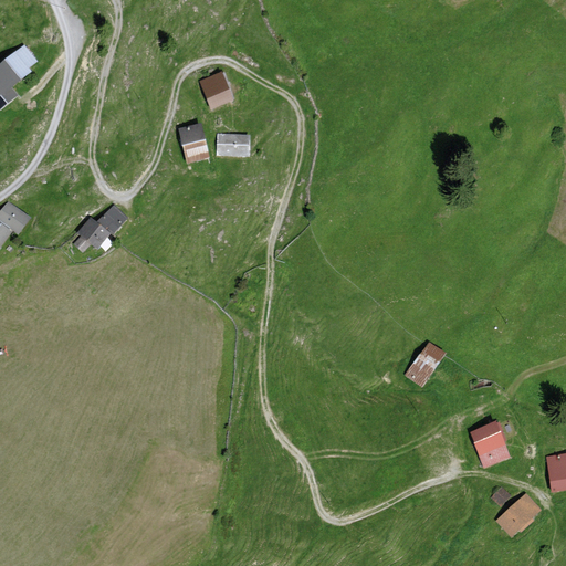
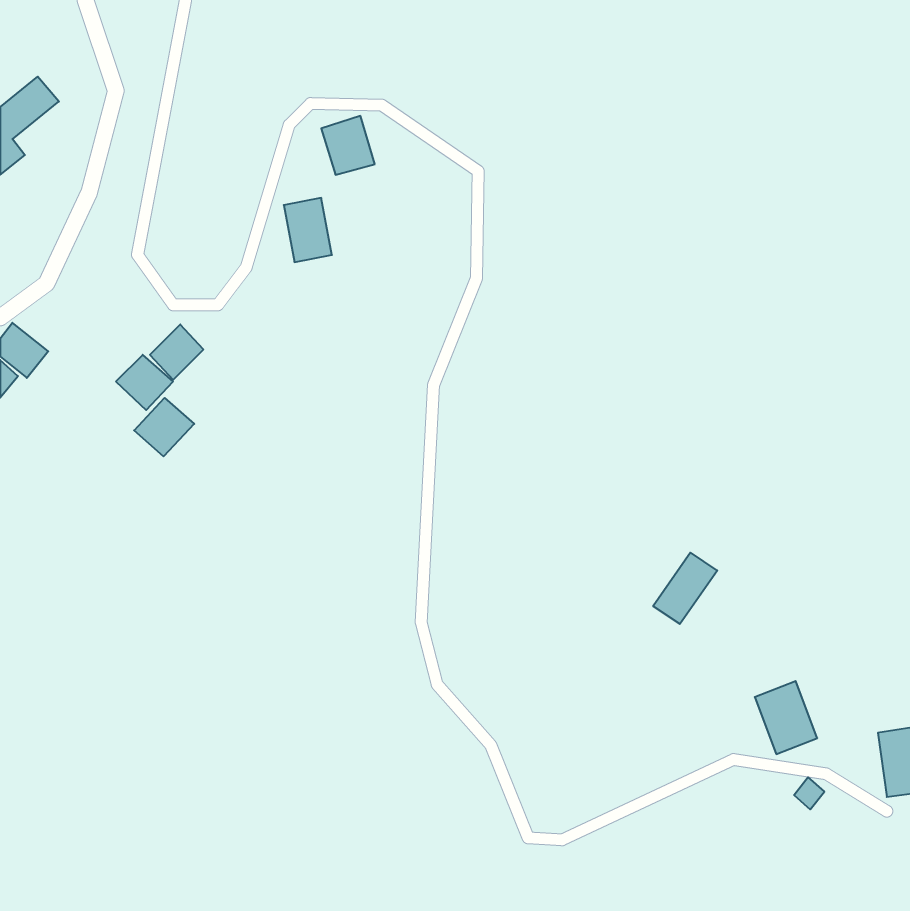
building: [217,133,248,156] -> none
building: none -> [134,398,194,456]
building: [495,492,542,535] -> none

